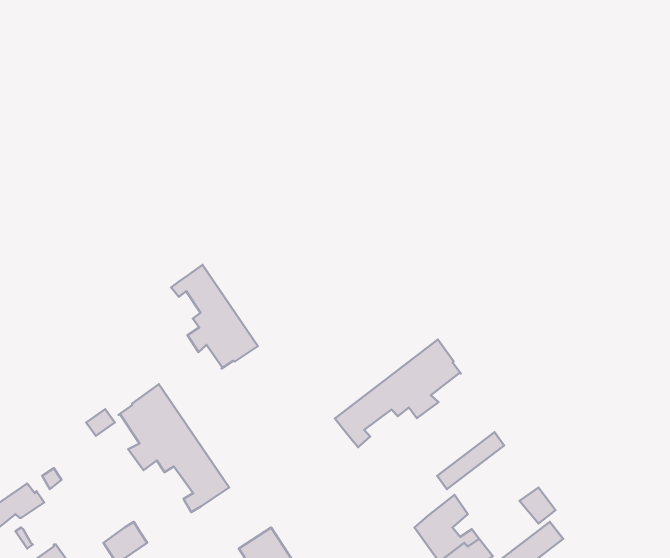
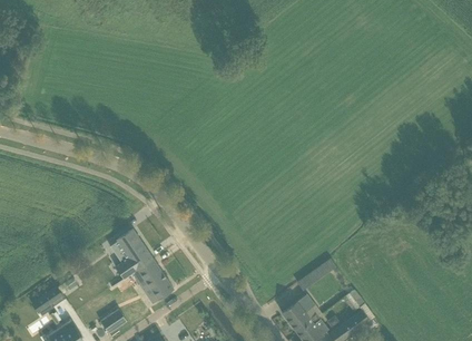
building: [171,265,258,369] -> none
building: [335,339,461,447] -> none

